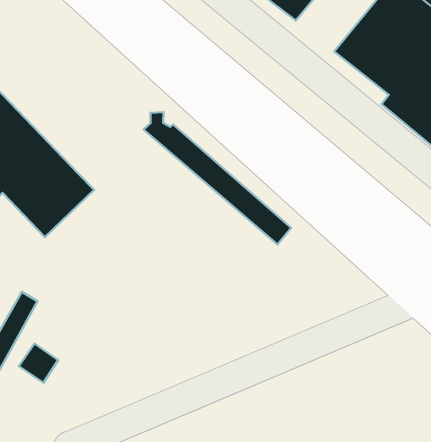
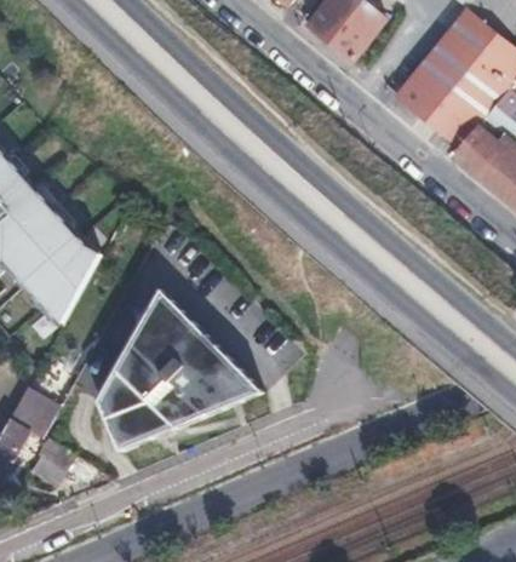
building: [144,112,291,244] -> none
building: none -> [93,288,268,446]

